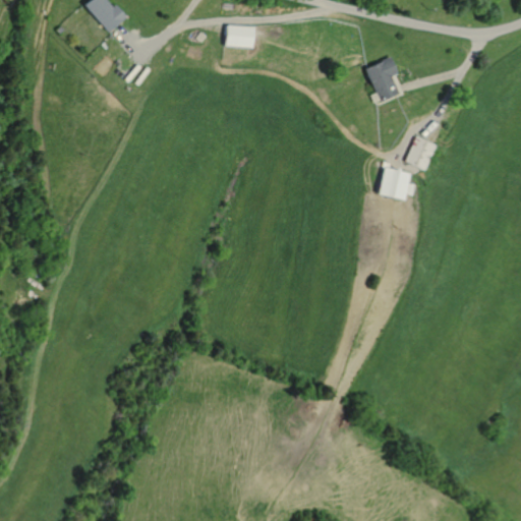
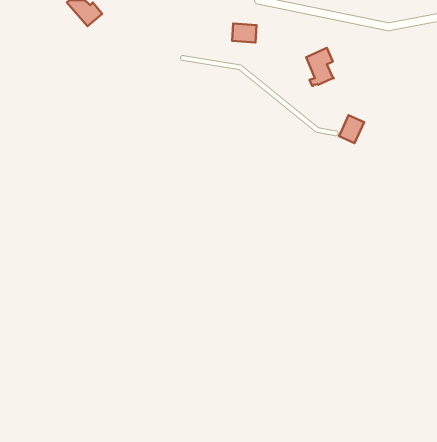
building: [226,24,254,47] -> [232,23,257,42]
building: [378,162,414,200] -> none

